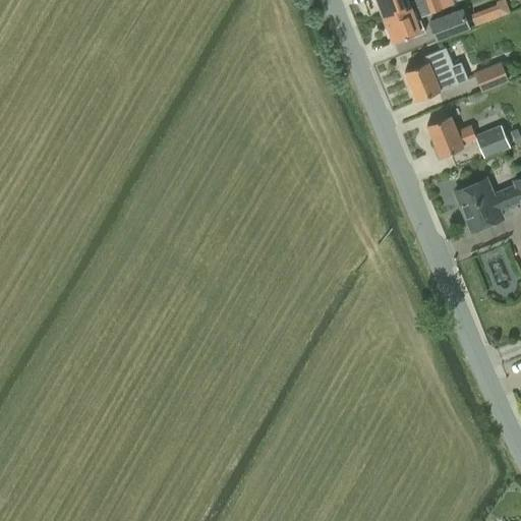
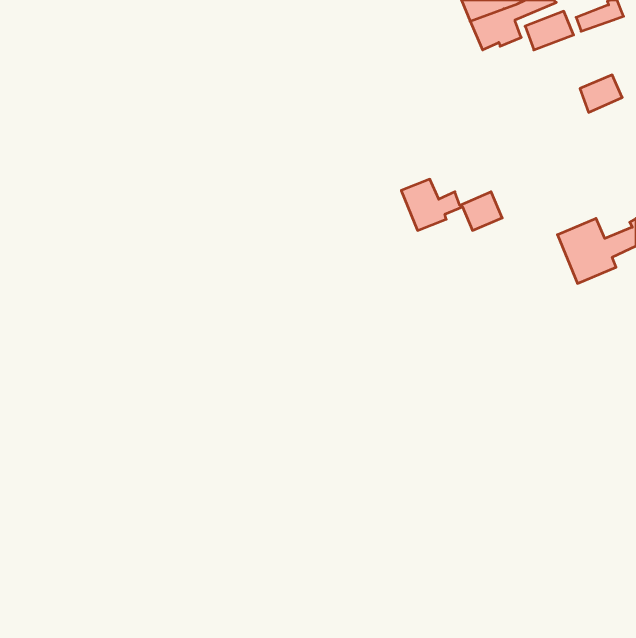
building: [405,47,467,101] -> none
building: [426,115,509,157] -> [401,179,502,230]

